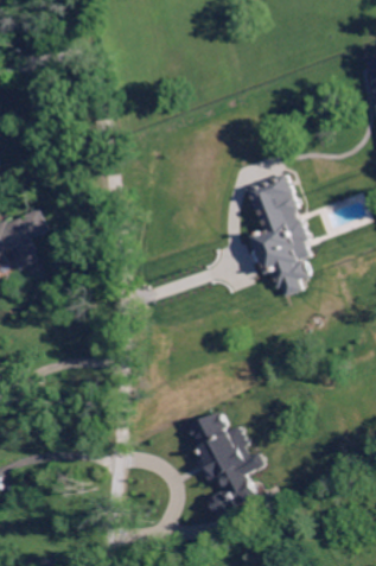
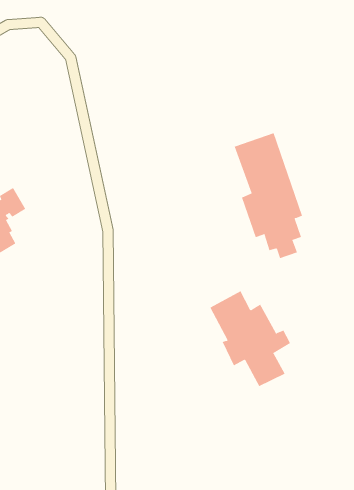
building: [187,412,262,504] -> [209,290,291,387]

